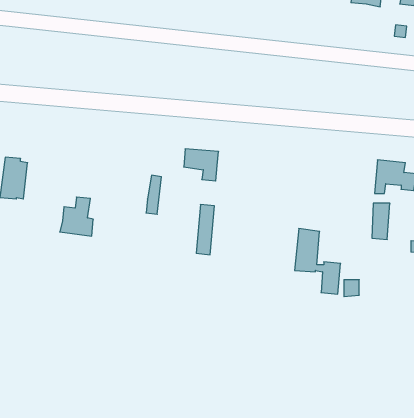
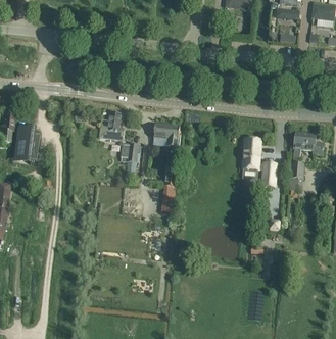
building: [60,197,93,236] -> [98,111,123,140]
building: [295,229,341,294] -> [242,138,276,186]

